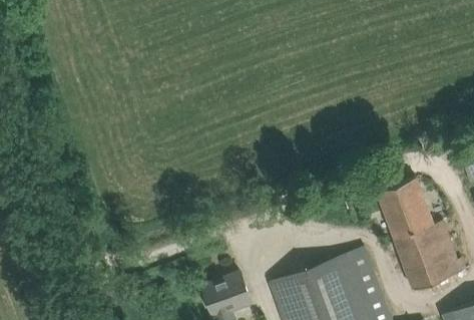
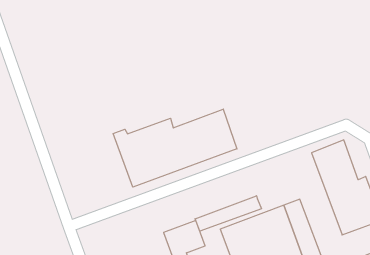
building: none -> [113,109,237,187]
building: none -> [195,196,261,231]

